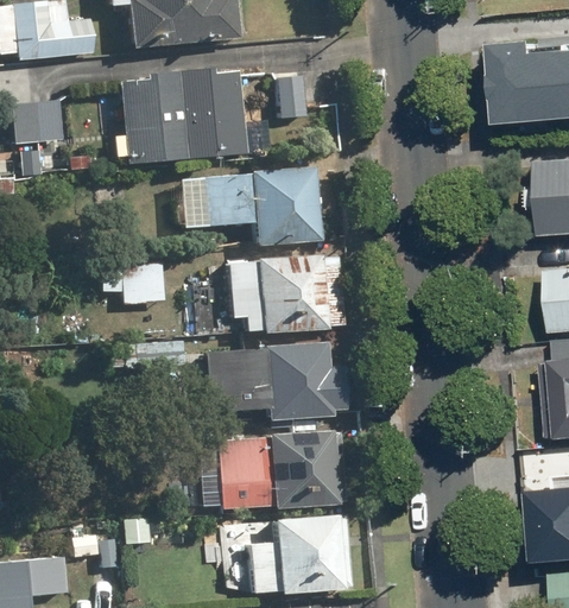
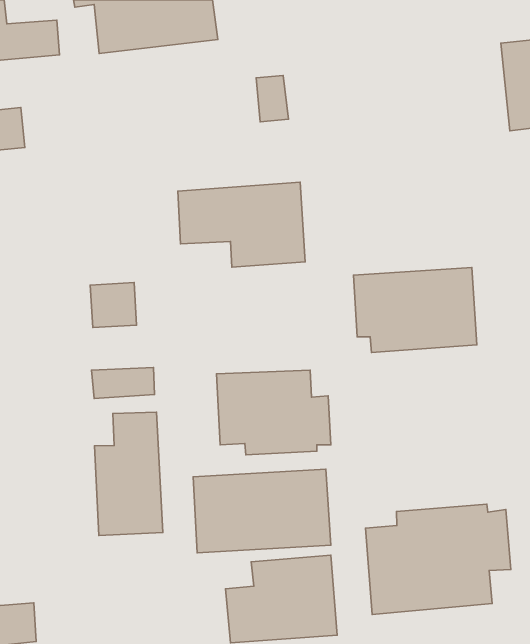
building: [110,71,246,166] -> none
building: [223,254,337,332] -> [353,267,477,352]
building: none -> [95,412,163,536]
building: none -> [365,504,511,615]

